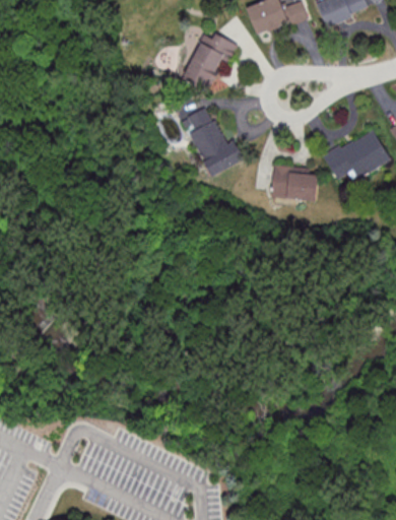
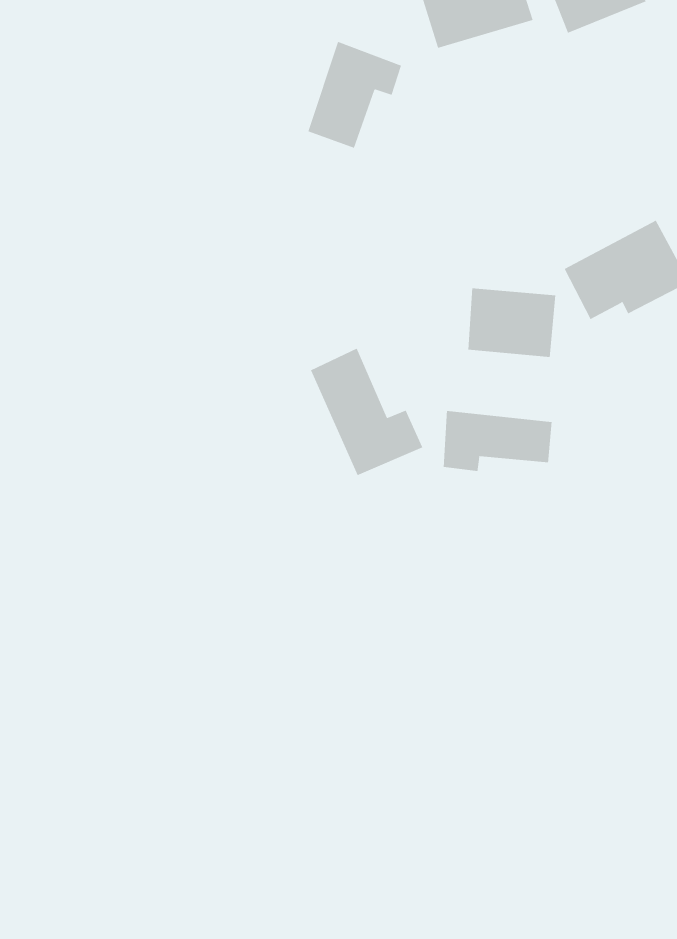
building: [184,107,245,176] -> [310,348,423,476]
building: none -> [443,410,552,472]

